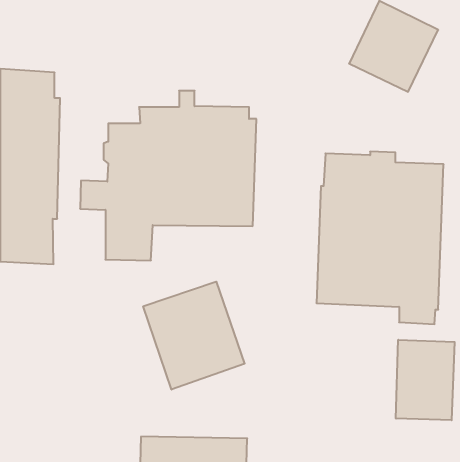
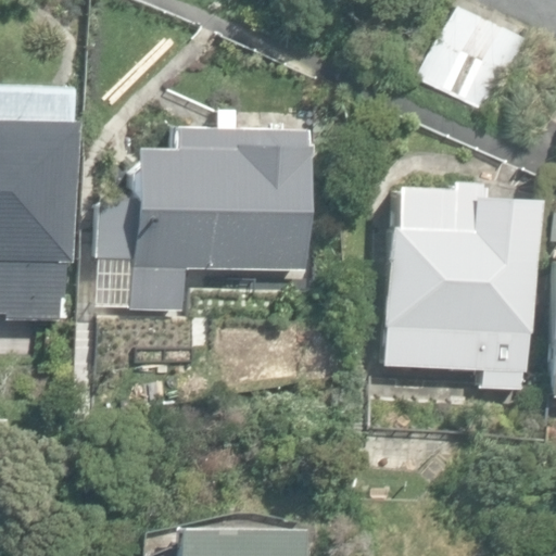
building: [143,282,245,390] -> none
building: [396,340,455,420] -> none

